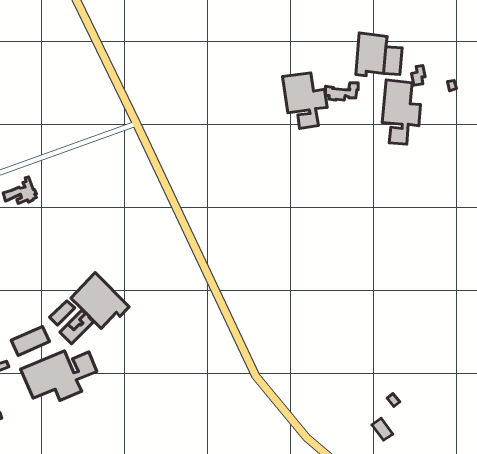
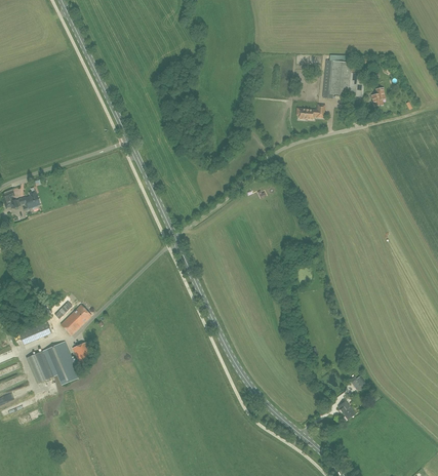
building: [283,73,327,128] -> none
building: [382,80,421,144] -> none
building: [71,272,129,329] -> none

